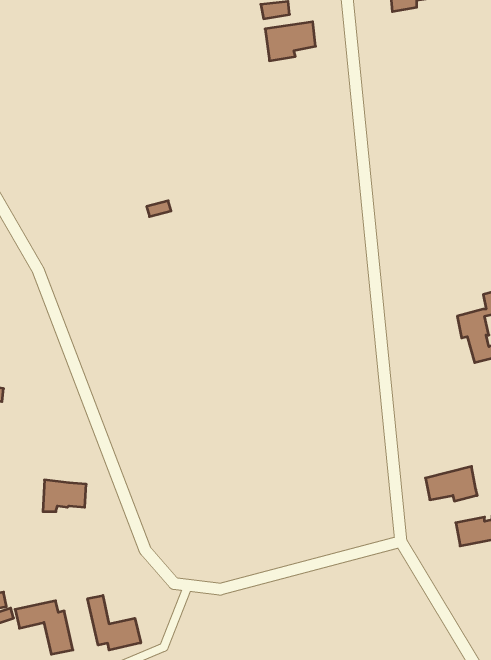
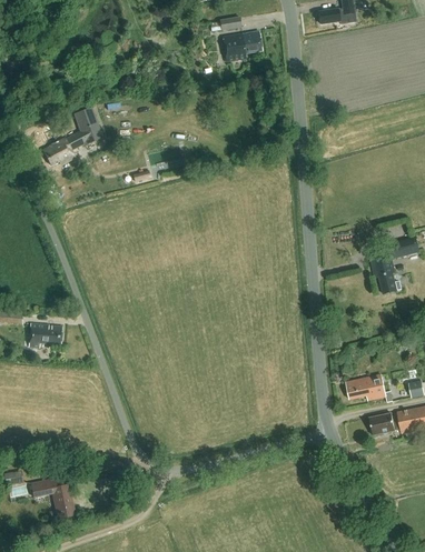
building: none -> [42,107,102,164]
building: [43,480,86,512] -> [29,322,62,347]
building: [88,595,141,650] -> none

